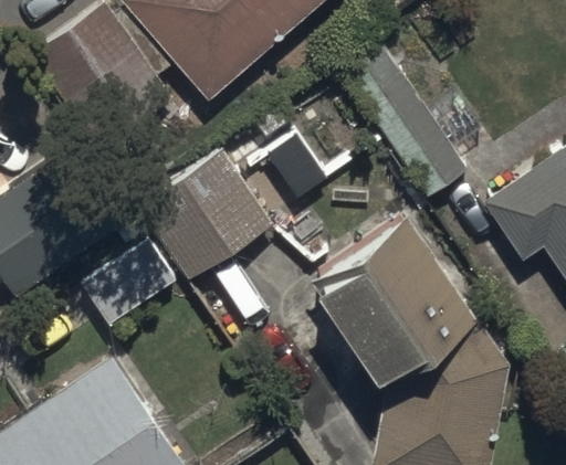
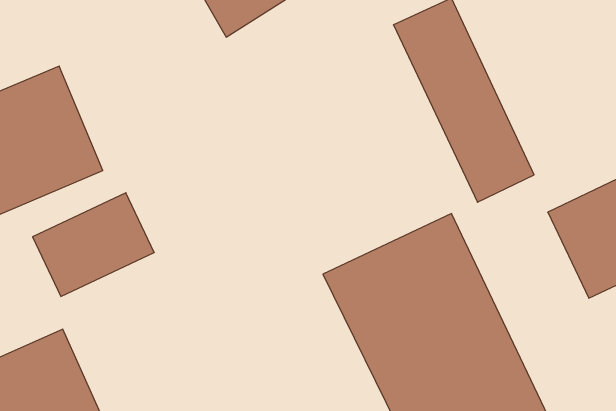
building: [140,151,274,281] -> none

